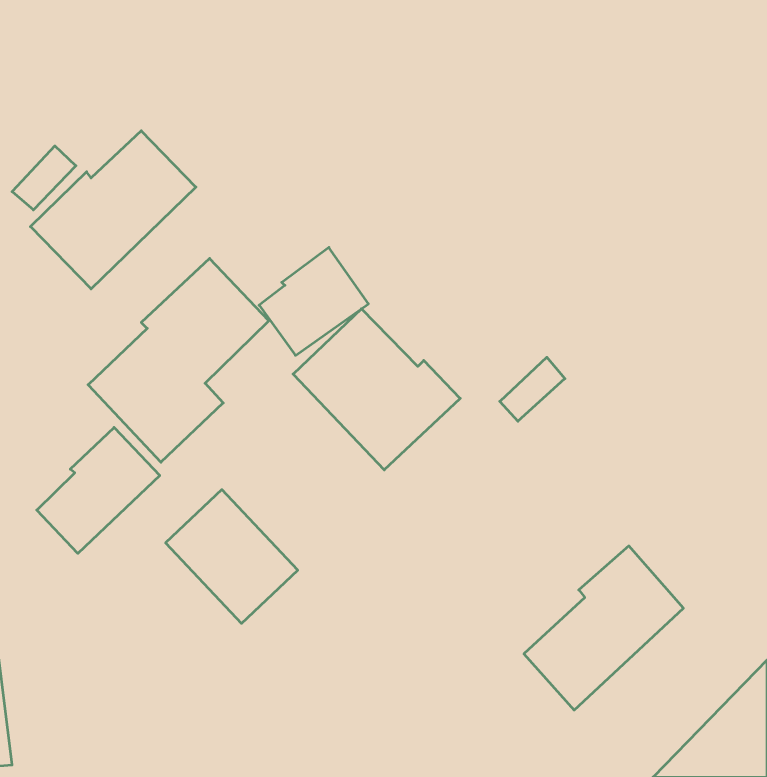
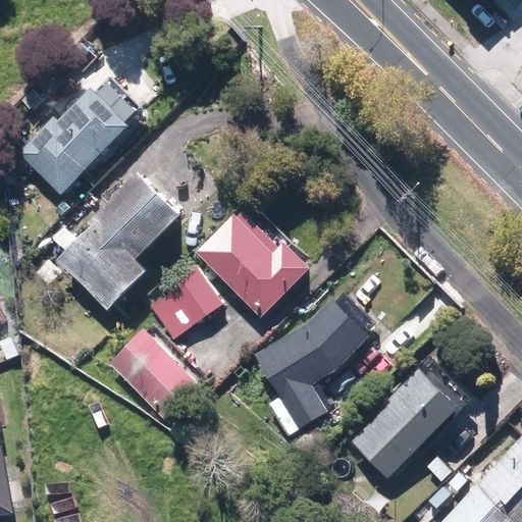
building: [259,247,368,355] -> [148,266,221,338]
building: [37,427,160,553] -> none
building: none -> [254,299,369,435]

